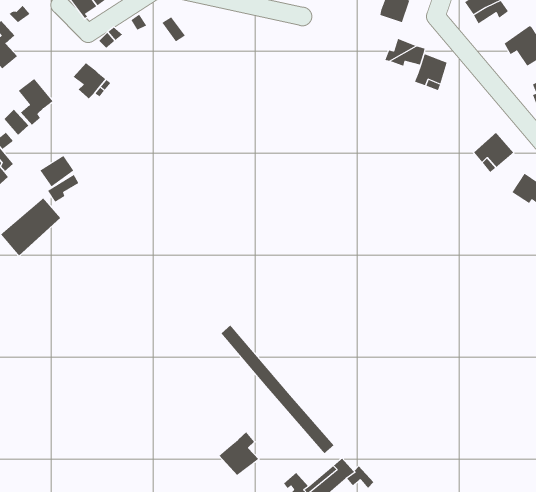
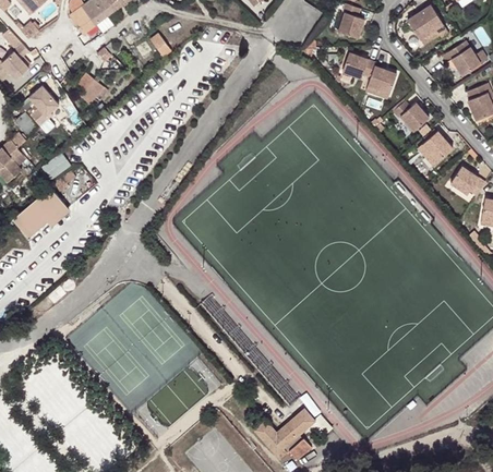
building: none -> [390,101,428,132]
building: [218,431,259,476] -> none

